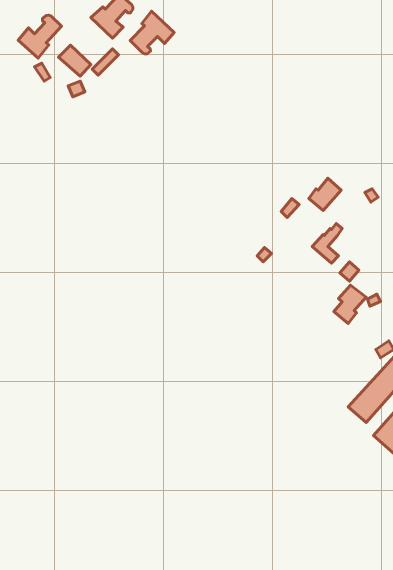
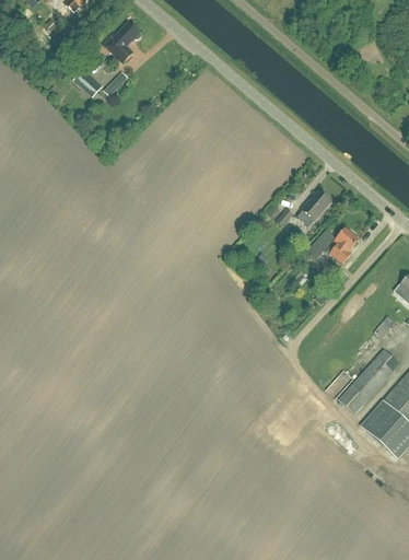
building: [130,11,174,54] -> none
building: [18,15,62,58] -> none
building: [334,285,366,324] -> [330,229,360,264]

